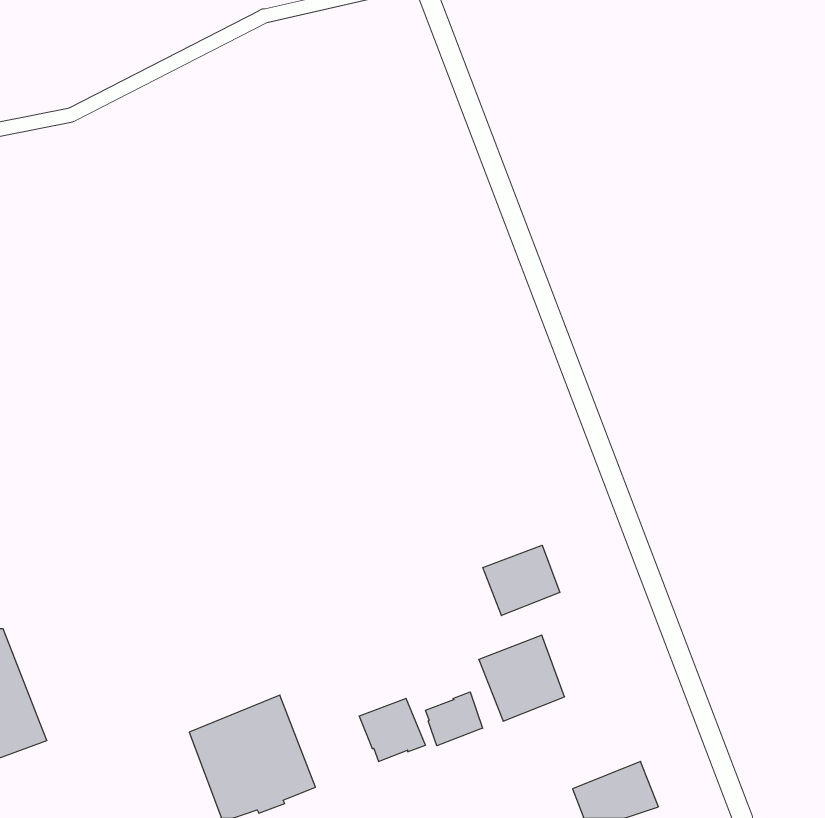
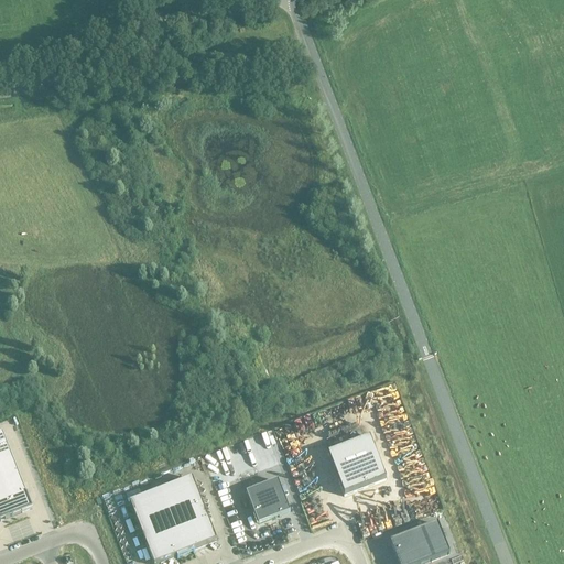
building: [483,545,560,616] -> none
building: [425,692,483,746] -> none

